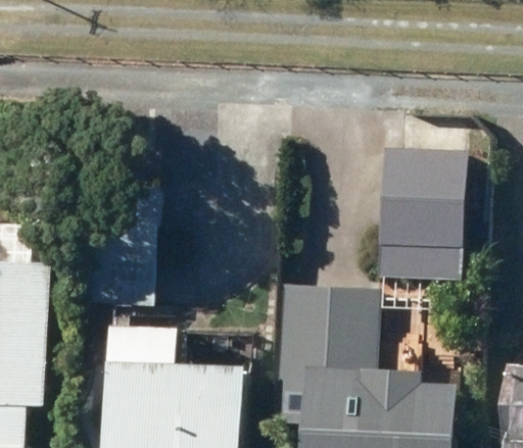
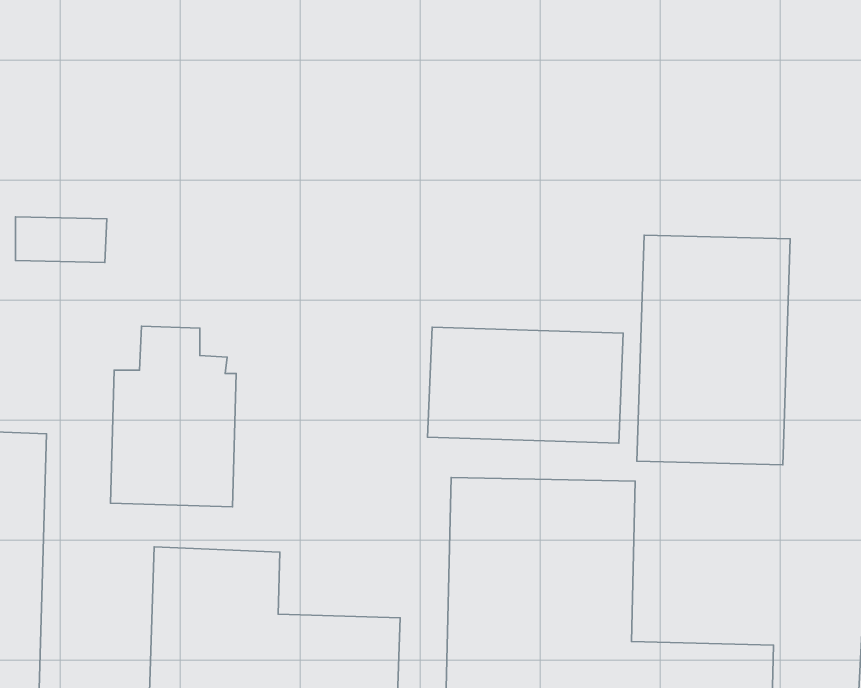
building: none -> [428,327,623,443]

